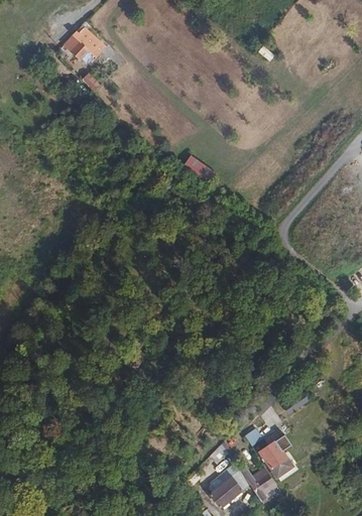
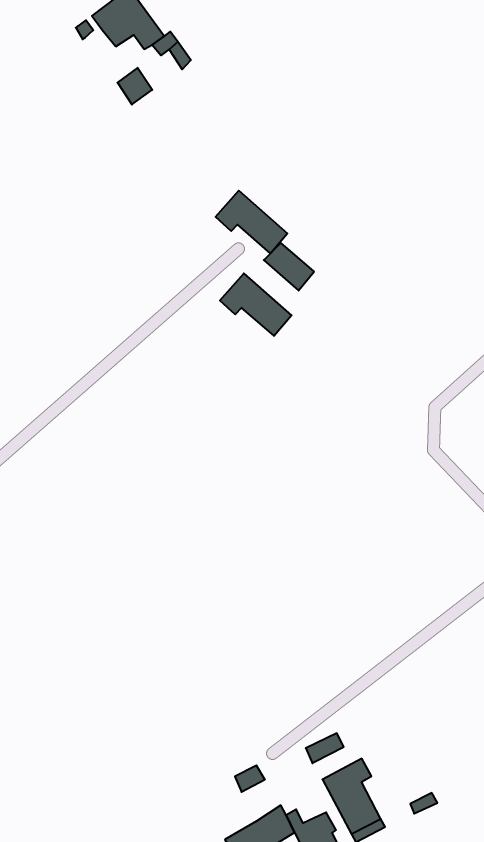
building: none -> [216,191,287,253]
building: none -> [220,273,292,336]

